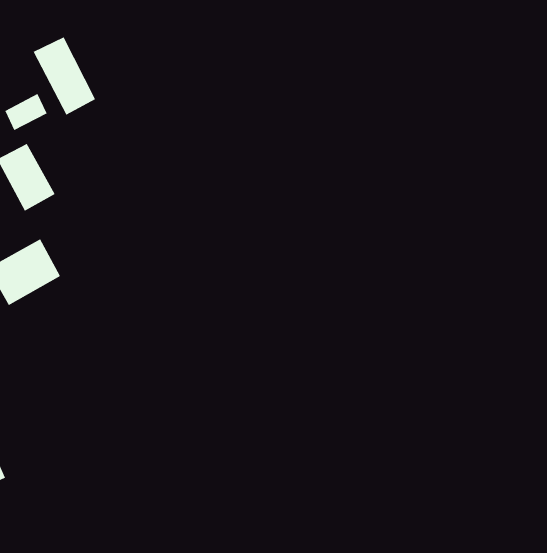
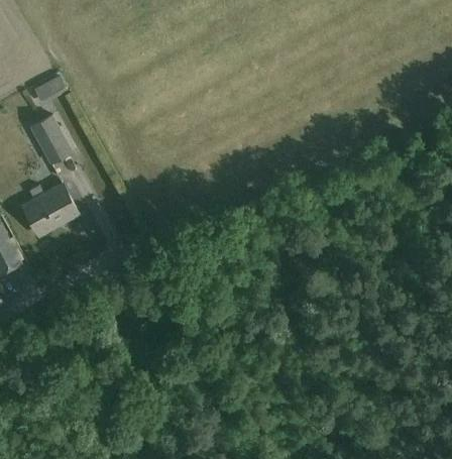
building: [33,37,96,115] -> none

